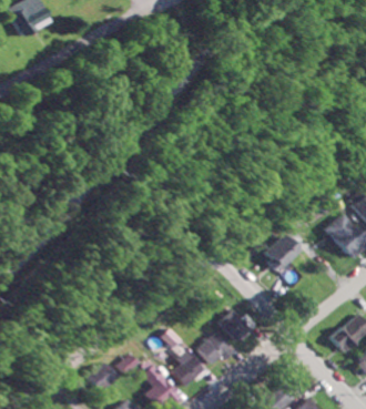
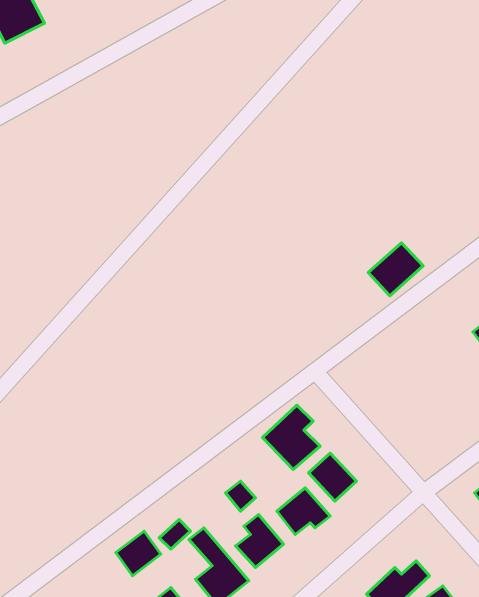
building: [267,234,304,269] -> [368,243,423,296]
building: none -> [263,405,320,469]

